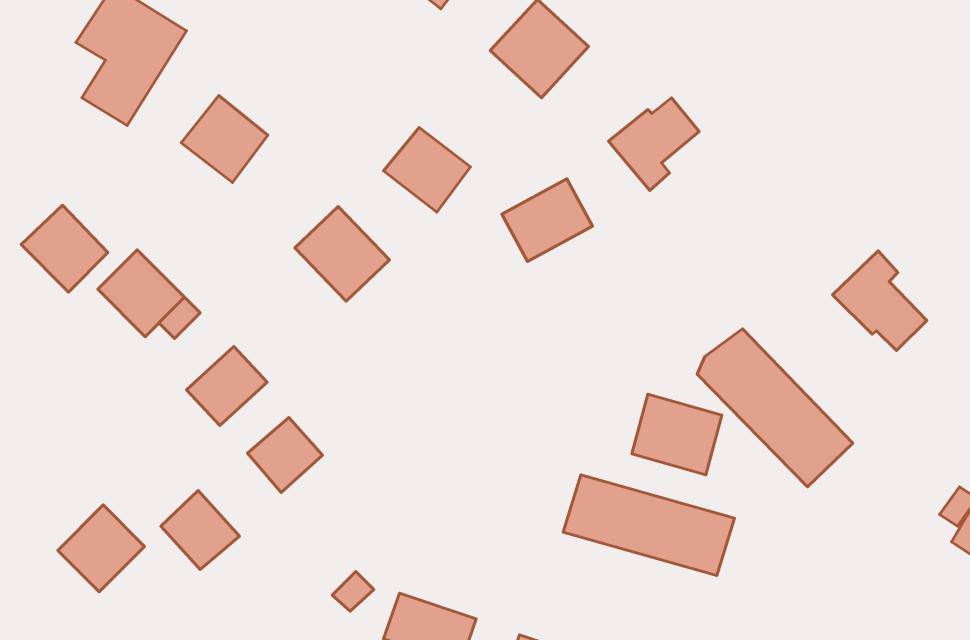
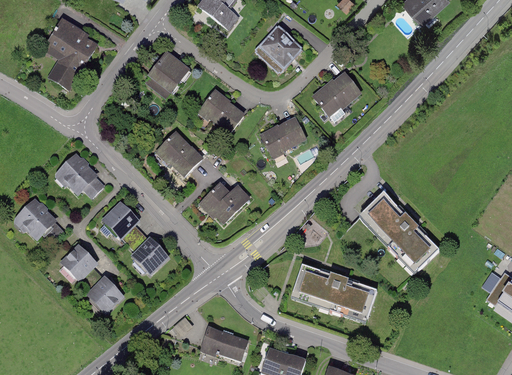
building: [181,96,268,182] -> [147,51,191,95]
building: [21,205,108,292] -> [13,197,57,241]
building: [833,251,927,351] -> none
building: none -> [197,181,248,227]
building: [632,394,722,475] -> none
building: [58,505,145,592] -> [55,243,99,287]

